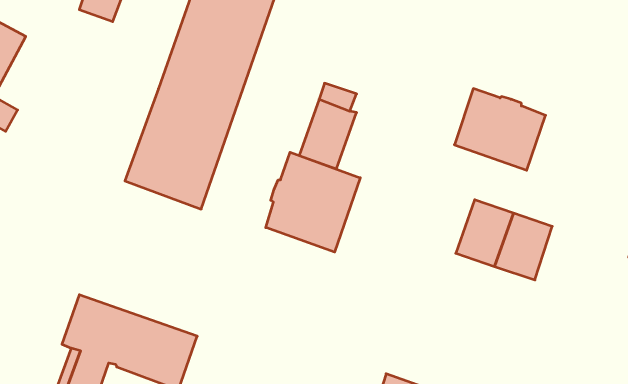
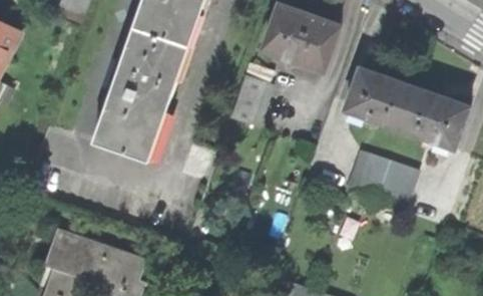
building: none -> [258,7,336,74]
building: none -> [396,89,465,151]
building: [266,152,360,252] -> none

